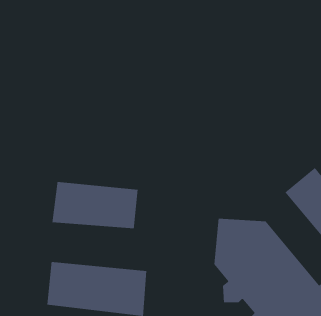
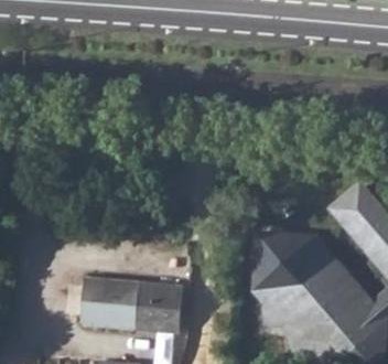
building: [52,181,138,229] -> none

